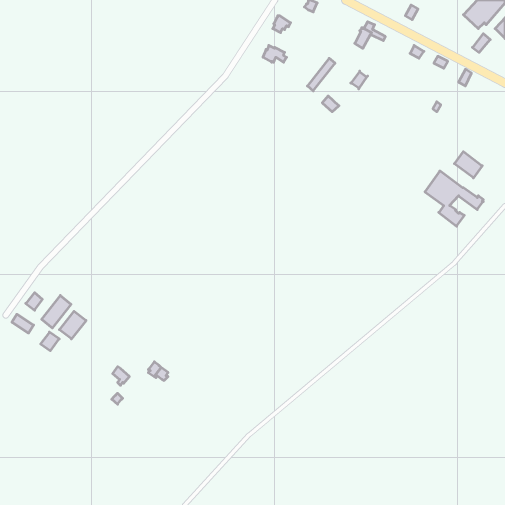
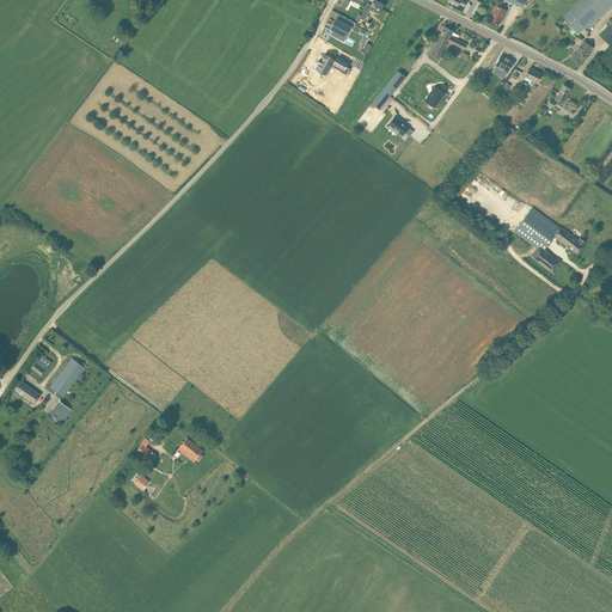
building: [454,152,482,178] -> none
building: [59,311,86,339] -> none

